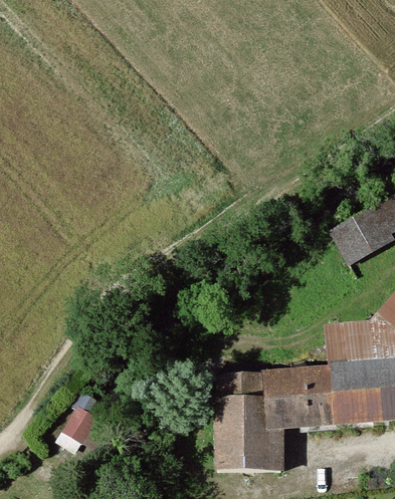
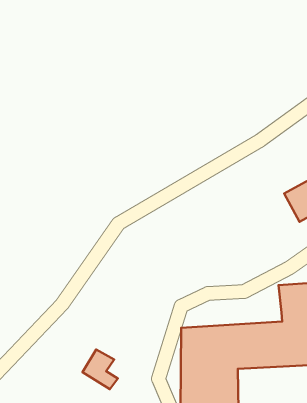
building: [63,403,103,447] -> [82,349,118,389]

